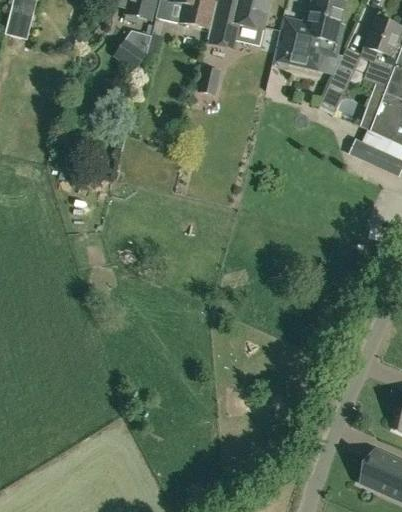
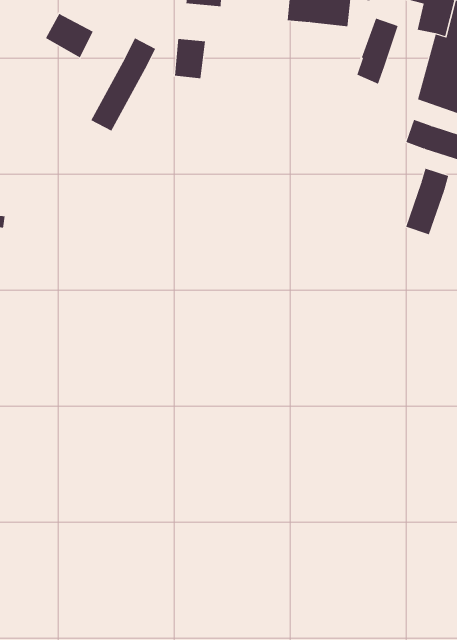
building: none -> [91,38,156,132]
building: none -> [405,168,449,235]

